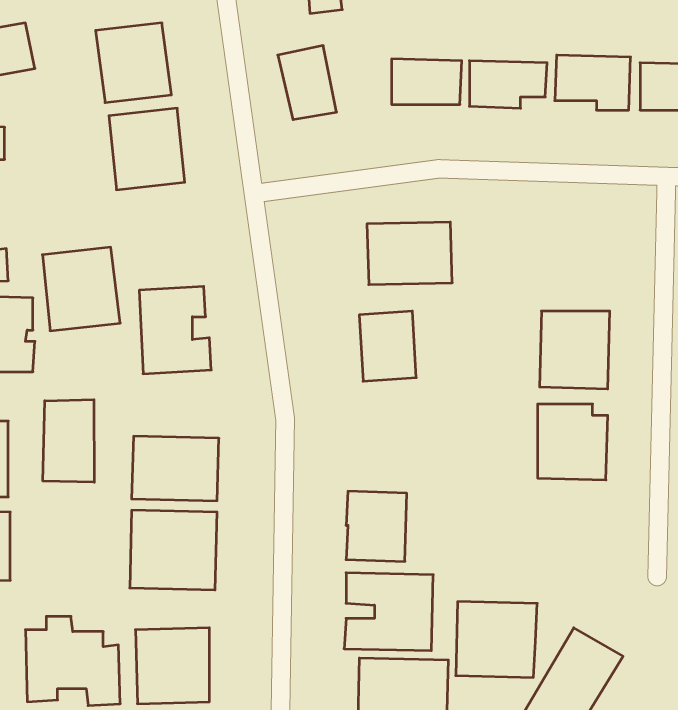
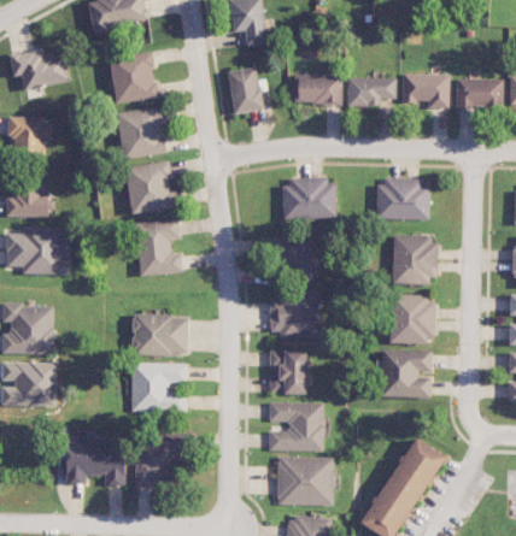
building: none -> [376,181,429,220]
building: [42,247,120,331] -> [127,161,176,214]
building: [43,400,94,482] -> none
building: none -> [269,293,321,338]
building: [456,602,537,677] -> [381,351,433,399]

